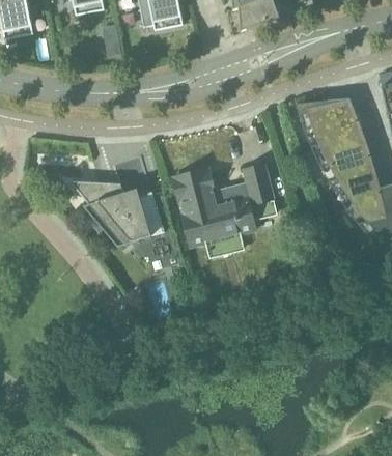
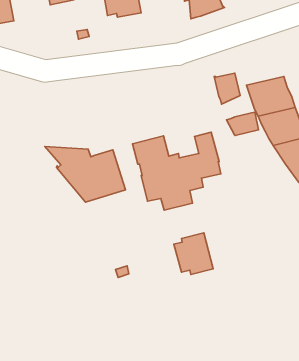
building: none -> [214,73,240,104]
building: none -> [227,112,259,136]
building: none -> [174,233,213,275]

